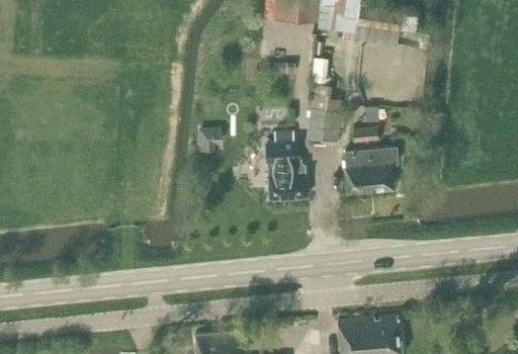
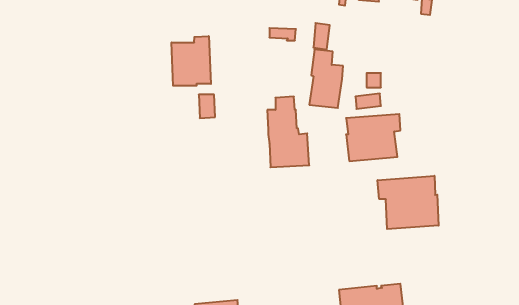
building: none -> [172,36,211,86]
building: none -> [378,176,439,229]

